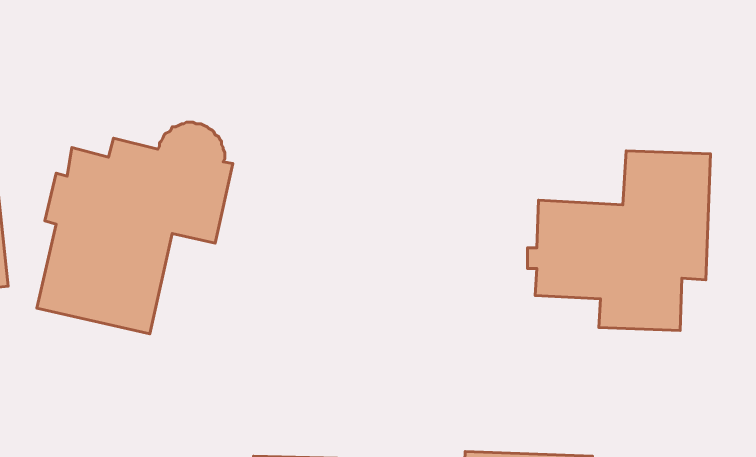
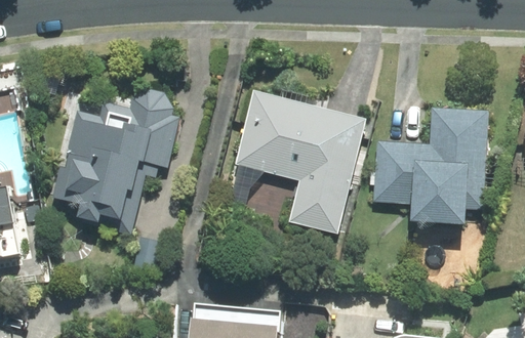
building: none -> [234,92,364,234]

